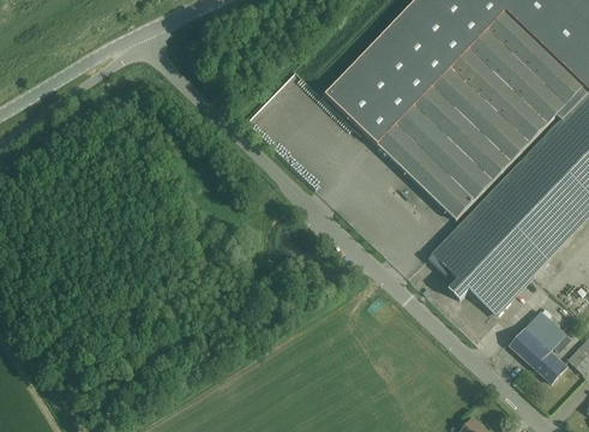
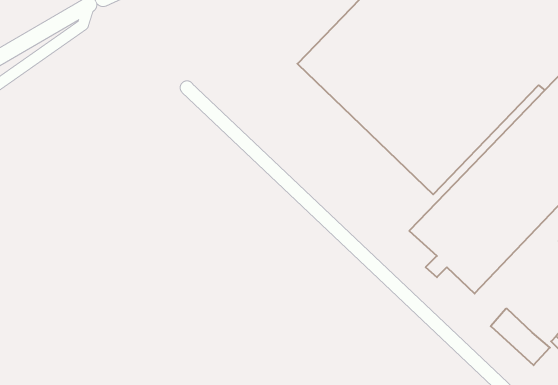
building: [523,310,565,350] -> none

